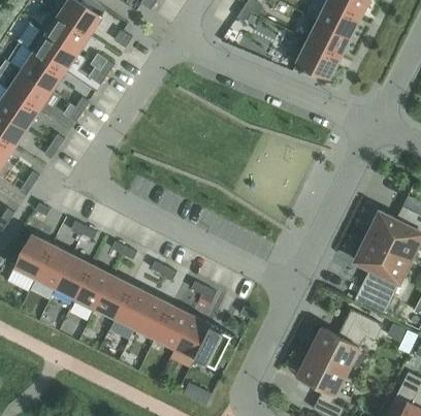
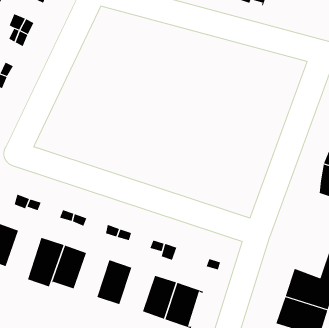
building: [55,255,91,301] -> none
building: [115,285,151,327] -> none
building: [155,305,191,347] -> none

